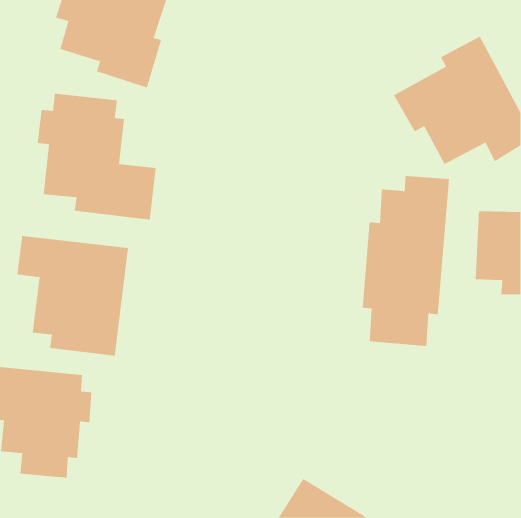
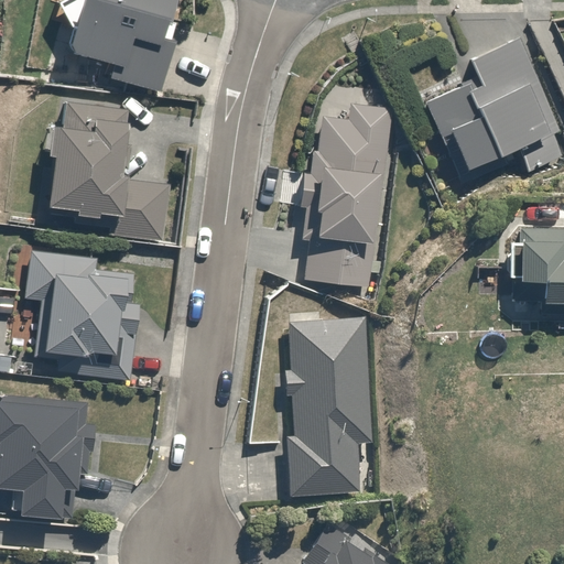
building: [362,176,450,347] -> [299,100,393,284]
building: none -> [283,316,369,496]

